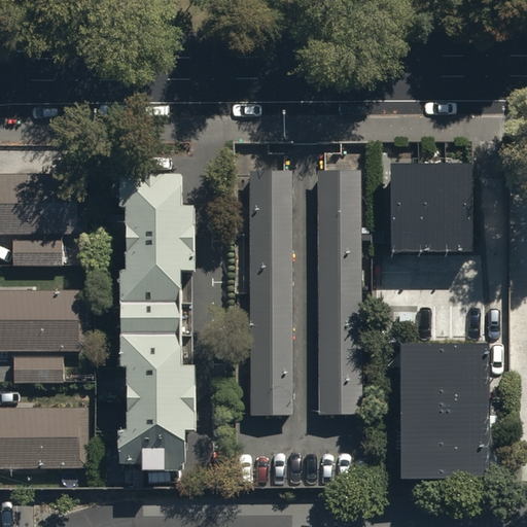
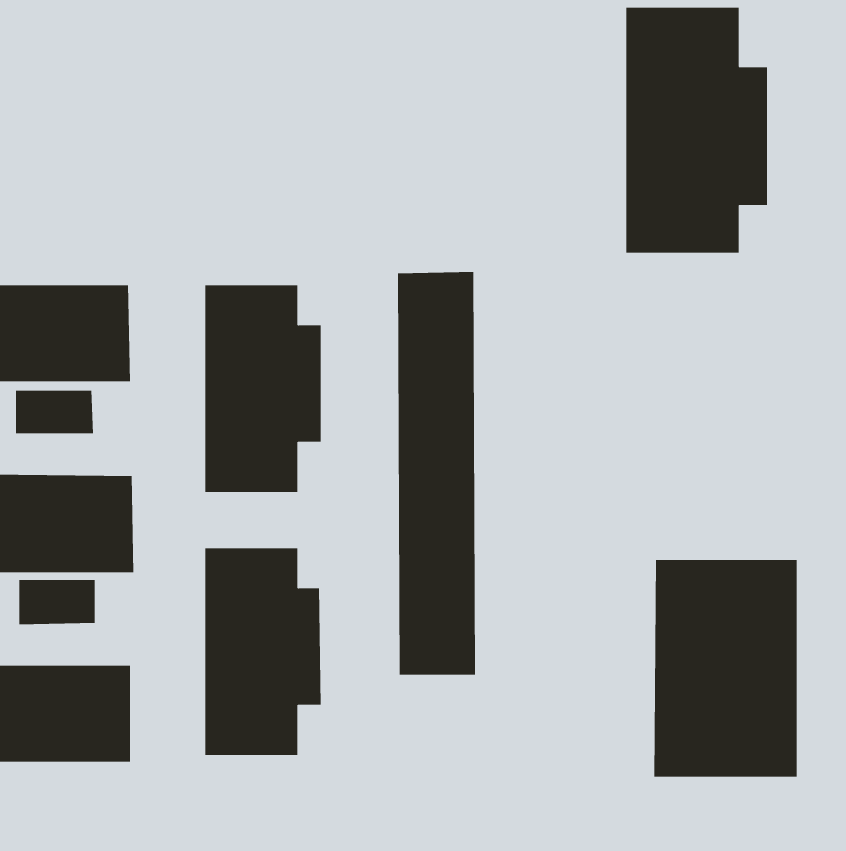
building: none -> [626,7,768,253]
building: [391,161,472,249] -> none
building: [311,167,360,410] -> none
building: [126,304,183,332] -> none

